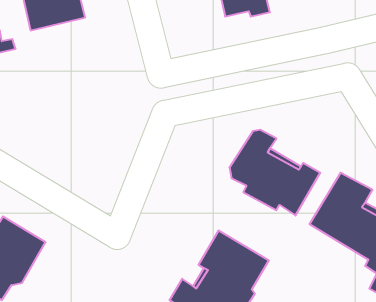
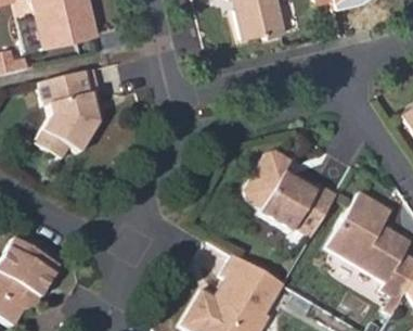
building: none -> [34,71,101,162]

